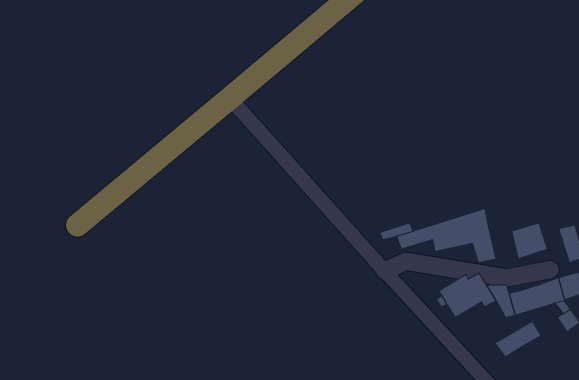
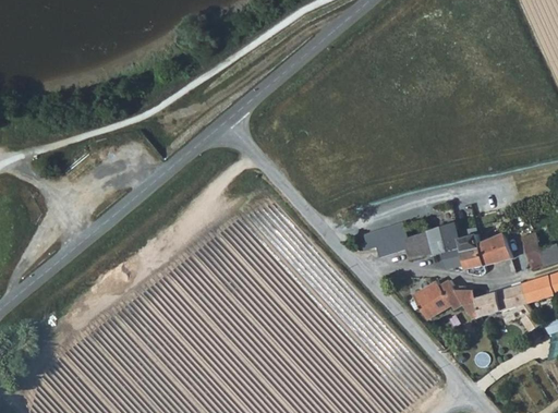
building: none -> [460,232,486,272]
building: [495,321,541,357] -> none

